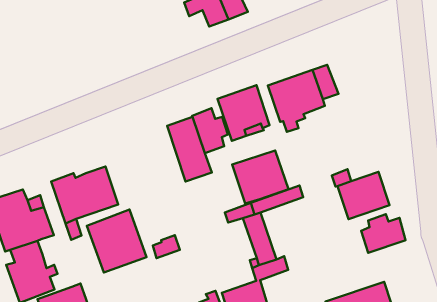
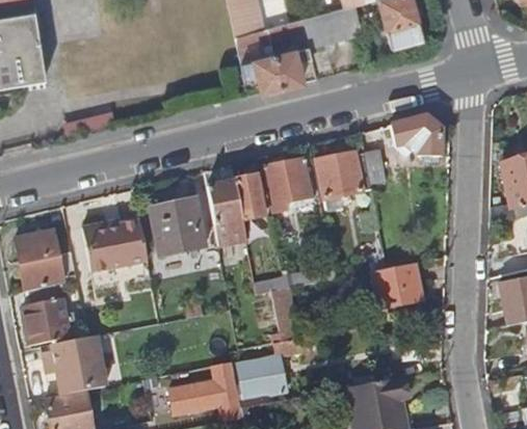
building: none -> [390,116,441,157]
building: [232,151,289,203] -> none
building: [87,210,146,273] -> [151,196,207,257]
building: [361,214,406,253] -> none

